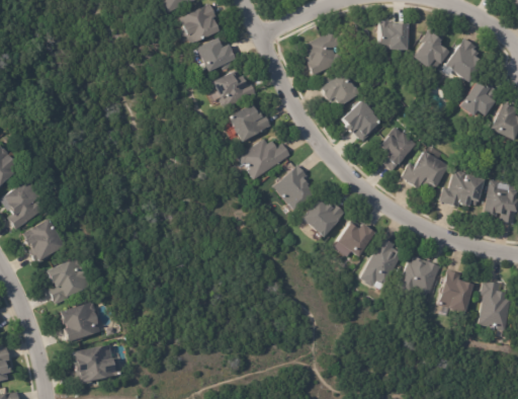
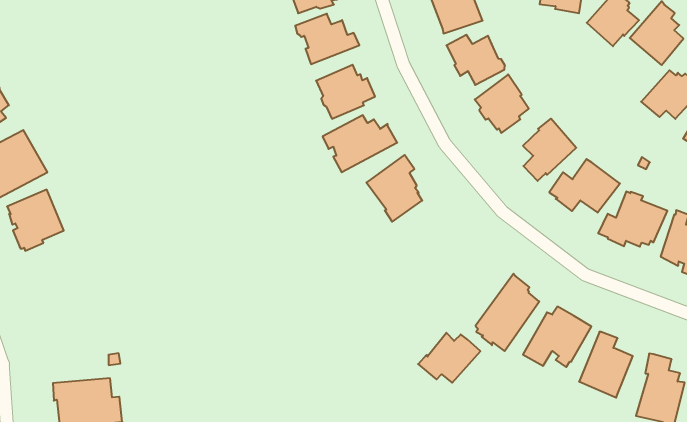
building: [301,201,344,238] -> none
building: [331,222,373,256] -> [418,333,480,383]
building: [47,254,91,303] -> none
building: [60,300,103,343] -> none

